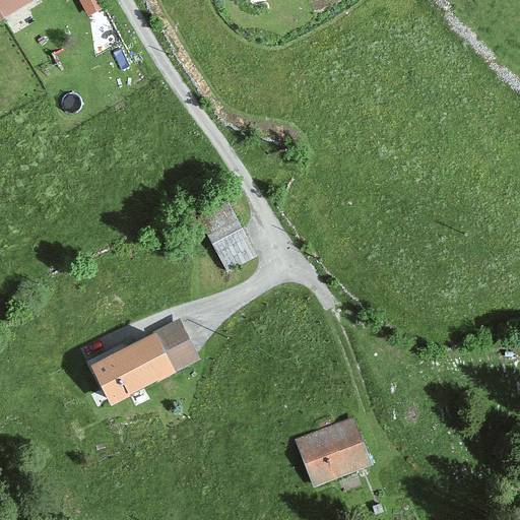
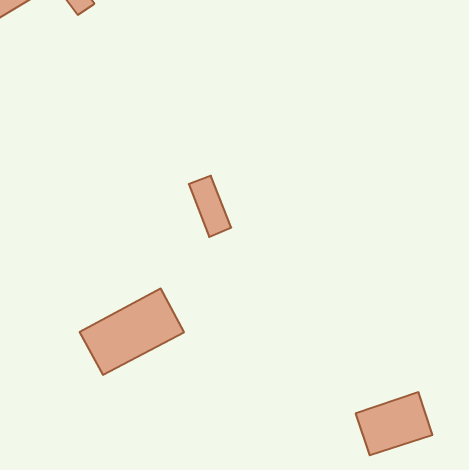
building: [288,415,373,484] -> [356,392,432,455]

